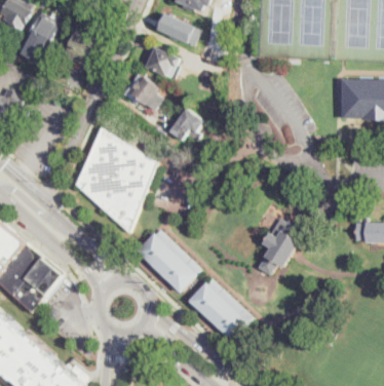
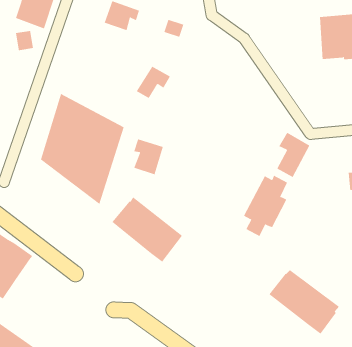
building: [121,73,161,110] -> none
building: none -> [134,139,163,175]
building: none -> [277,132,310,178]
building: [187,277,251,339] -> [268,270,340,335]

